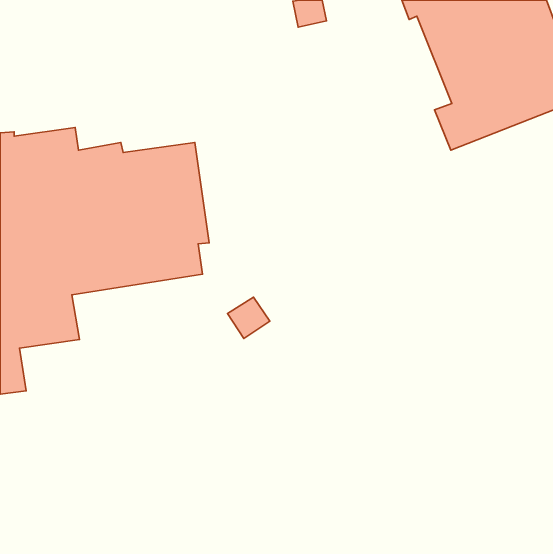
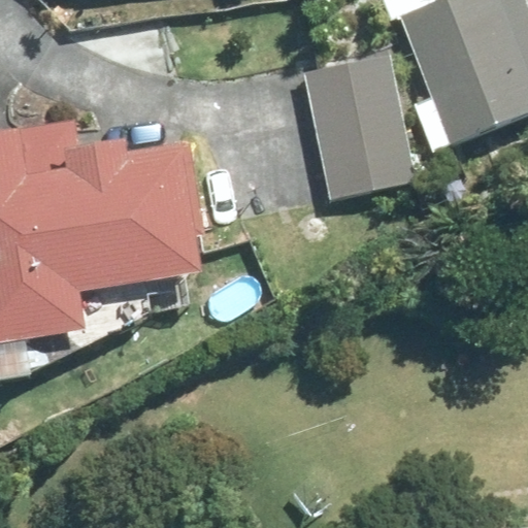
building: none -> [305,59,422,226]

